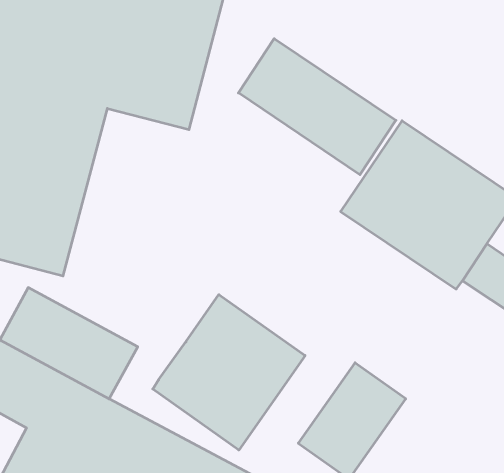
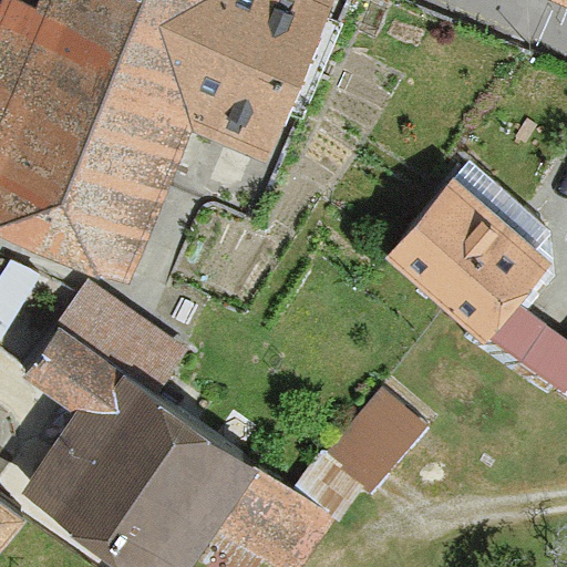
building: [238,39,396,175] -> none
building: [153,295,305,450] -> none

